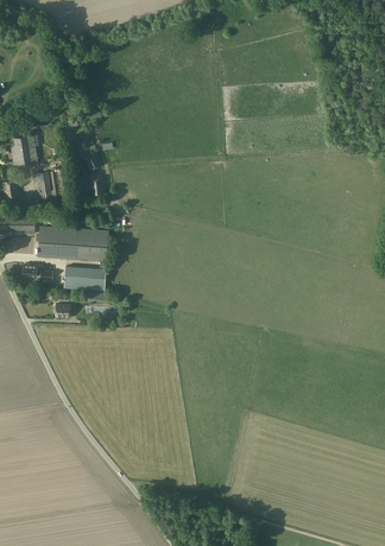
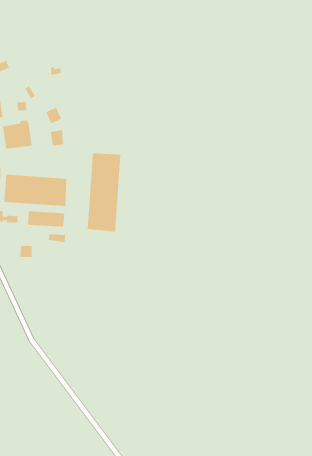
building: none -> [87,152,121,233]

